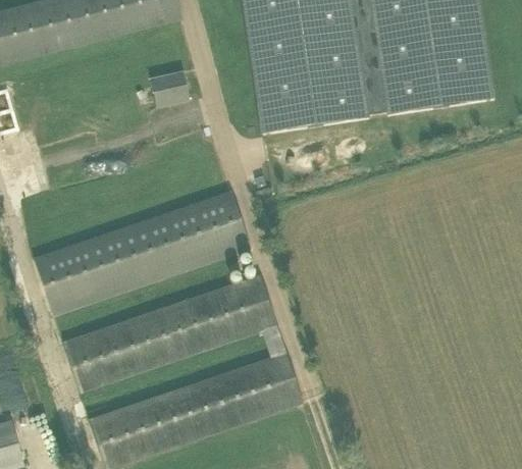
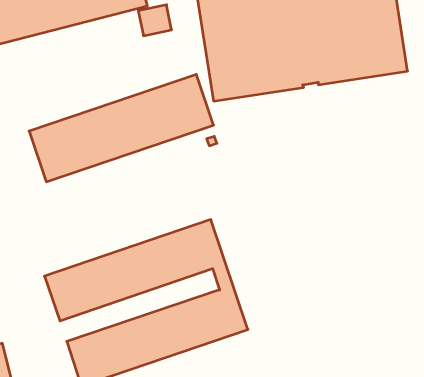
building: [150,70,190,107] -> [138,5,172,36]
building: [33,190,252,317] -> [29,74,214,182]

